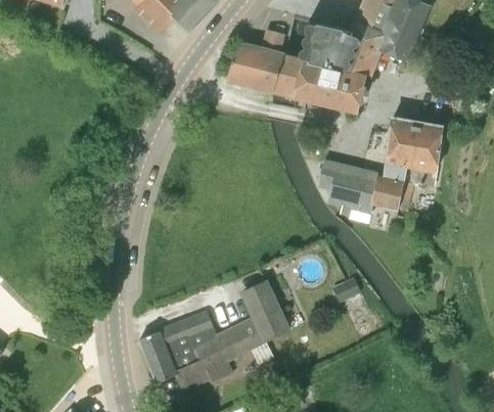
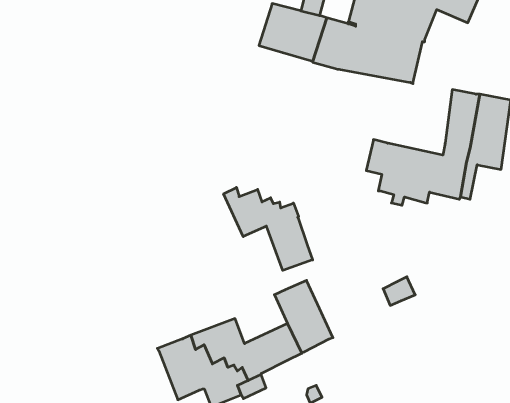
building: none -> [224,187,313,270]

